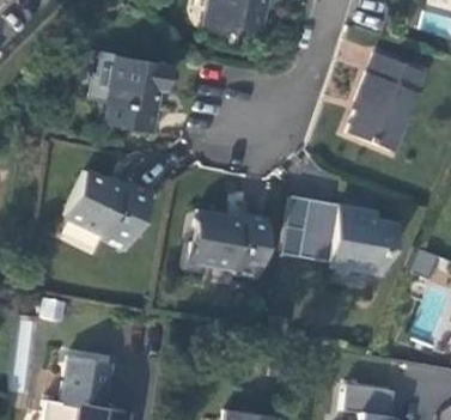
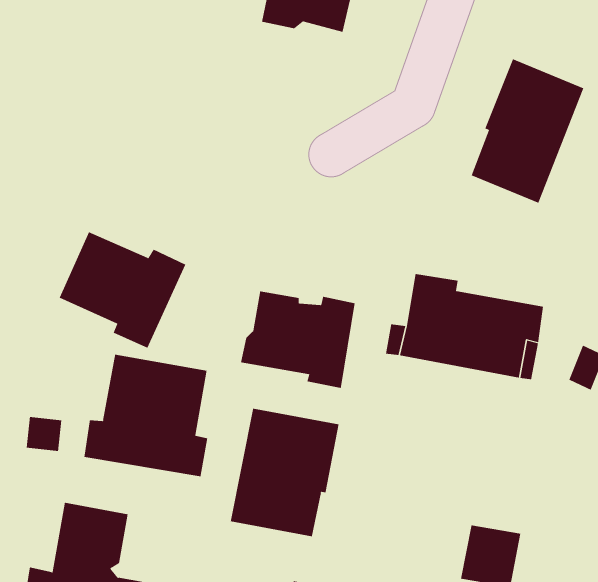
building: [89,51,169,132] -> none
building: none -> [84,354,208,477]
building: none -> [230,408,339,537]

